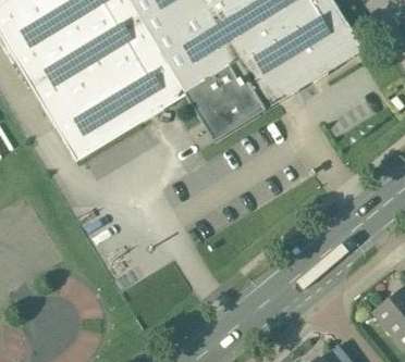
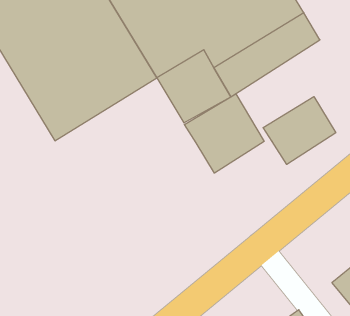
building: none -> [184,94,264,173]
building: none -> [263,97,336,164]

